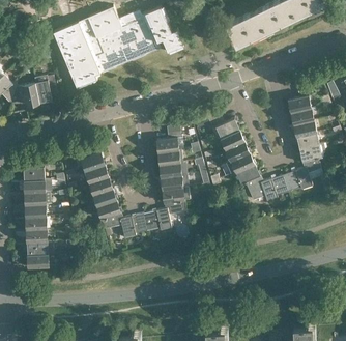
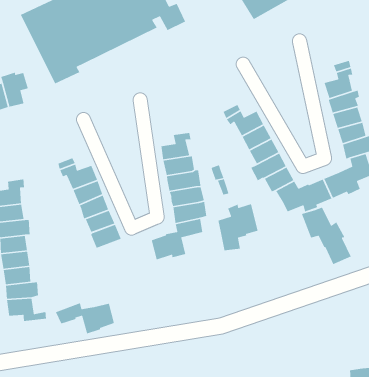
building: none -> [217,203,258,251]
building: none -> [301,206,352,265]
building: [99,214,146,239] -> [55,302,115,335]

